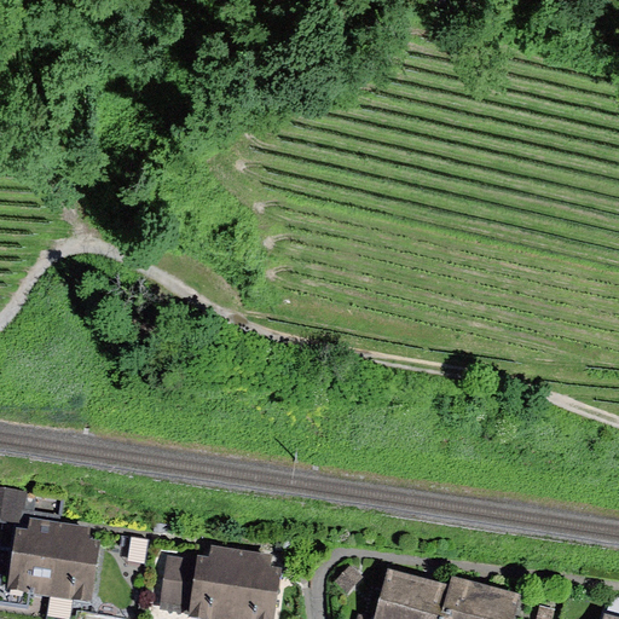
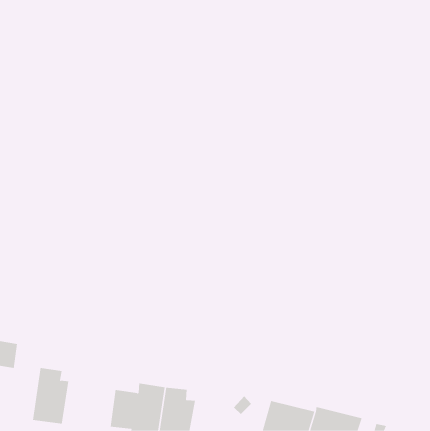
building: [5,521,57,601] -> none

